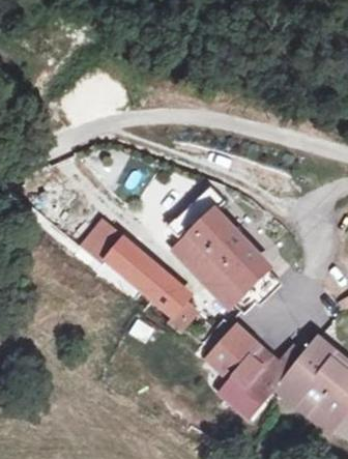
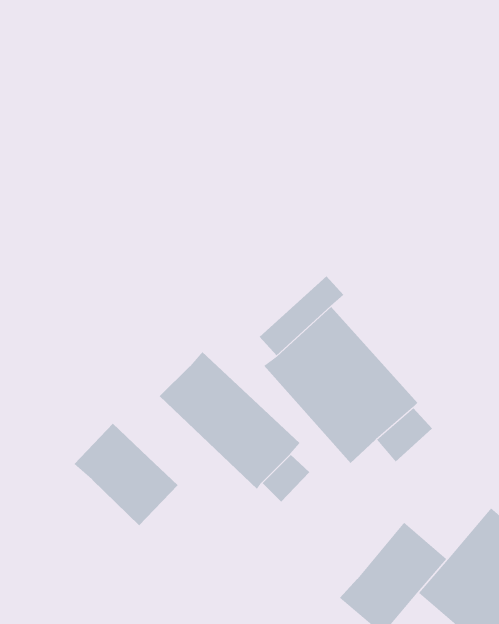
building: [80,221,124,264] -> none
building: none -> [74,423,178,526]
building: [206,324,262,381] -> none

